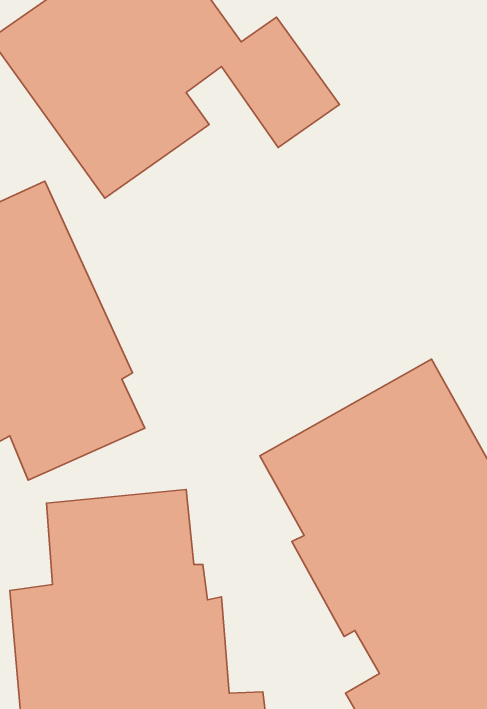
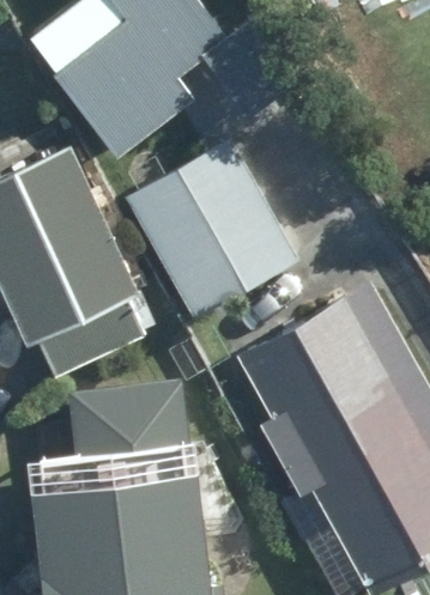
building: none -> [125,138,298,317]

